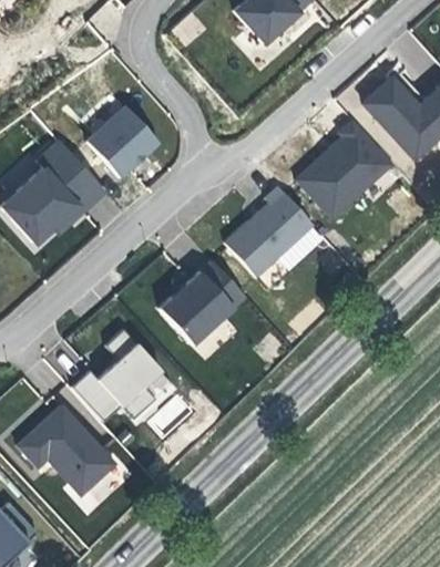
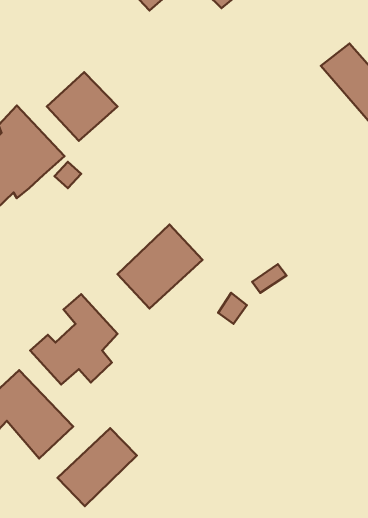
building: [297,120,391,218] -> none
building: [225,186,319,281] -> none
building: none -> [58,428,137,506]

